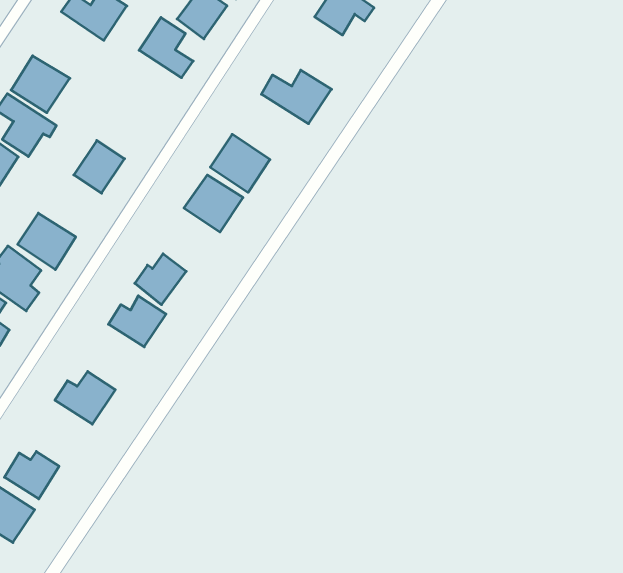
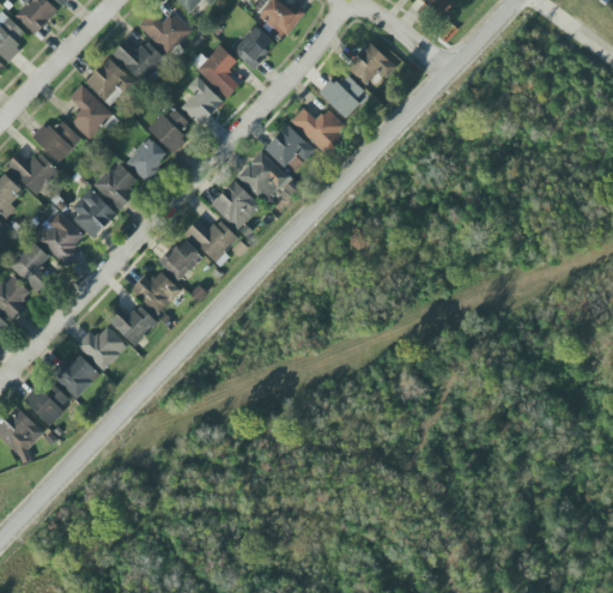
building: none -> [318,73,368,117]
building: none -> [113,41,165,83]
building: none -> [181,77,224,126]
building: none -> [265,123,315,168]
building: none -> [148,108,193,153]
building: none -> [93,164,138,210]
building: none -> [184,219,238,262]
building: none -> [104,304,158,346]
building: none -> [51,355,101,398]

